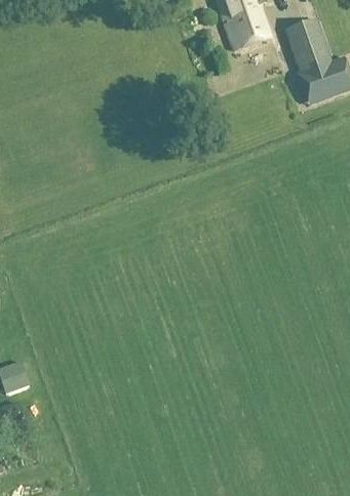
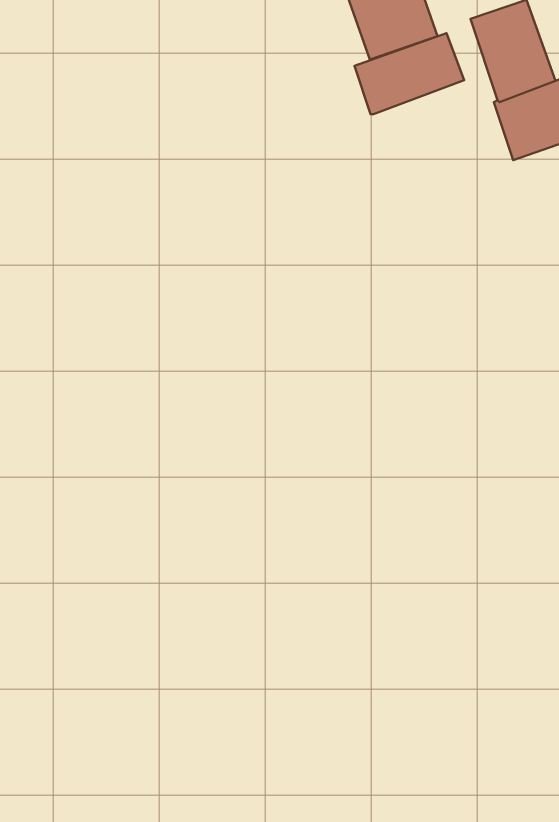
building: none -> [355,33,464,114]

